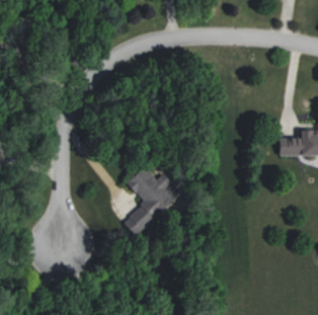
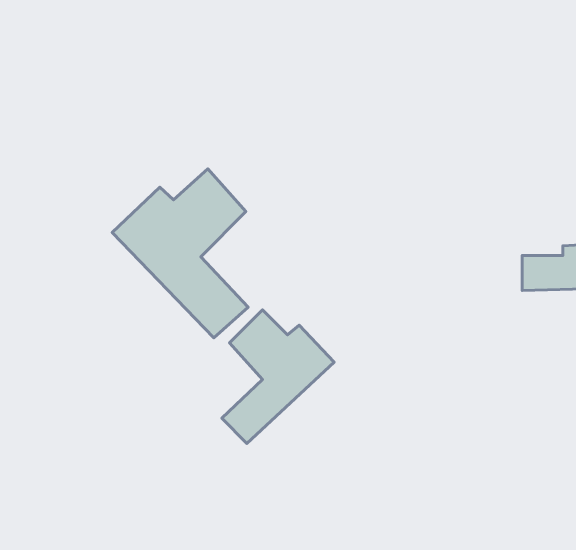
building: none -> [112,169,248,338]

